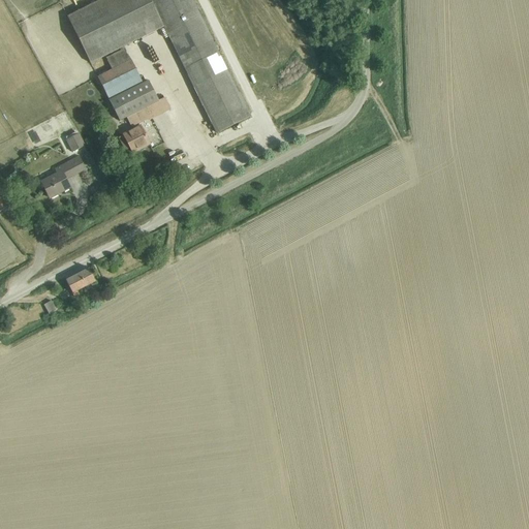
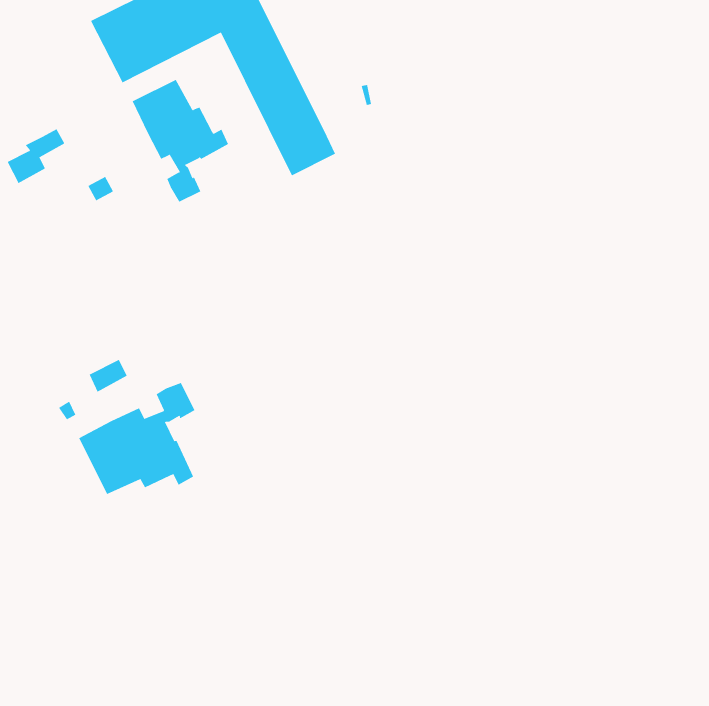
building: [41,156,85,197] -> [7,128,65,184]
building: none -> [78,382,195,495]

